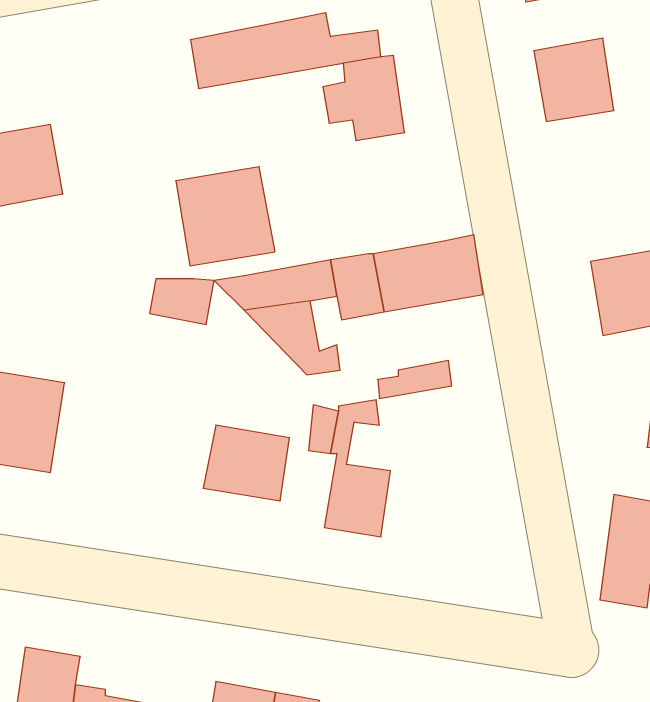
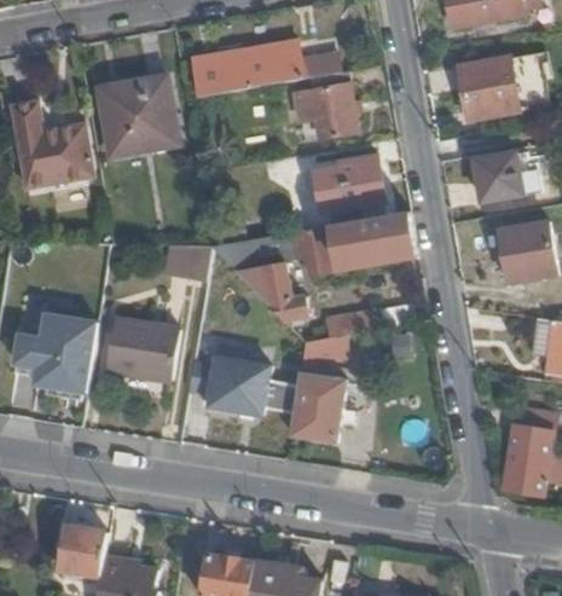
building: none -> [471,154,521,201]
building: none -> [313,155,386,224]
building: [176,167,275,266] -> [102,79,178,155]
building: none -> [103,316,179,378]

